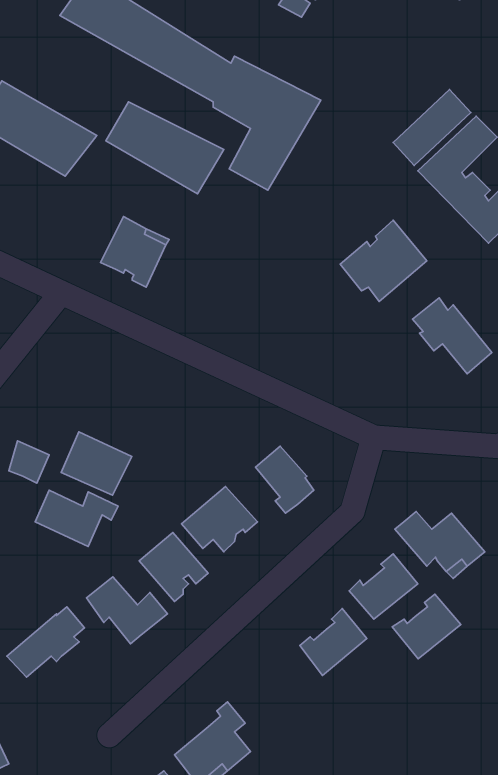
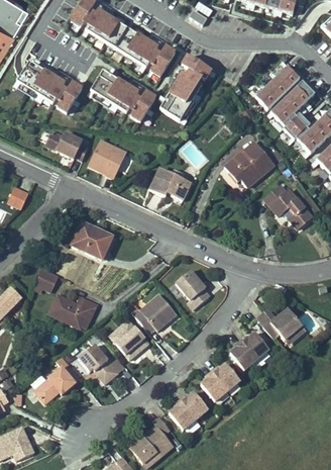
building: none -> [43,132,88,160]
building: none -> [149,168,190,200]
building: [61,432,132,495] -> [72,222,112,259]
building: [392,594,461,659] -> none
building: none -> [169,391,208,430]

